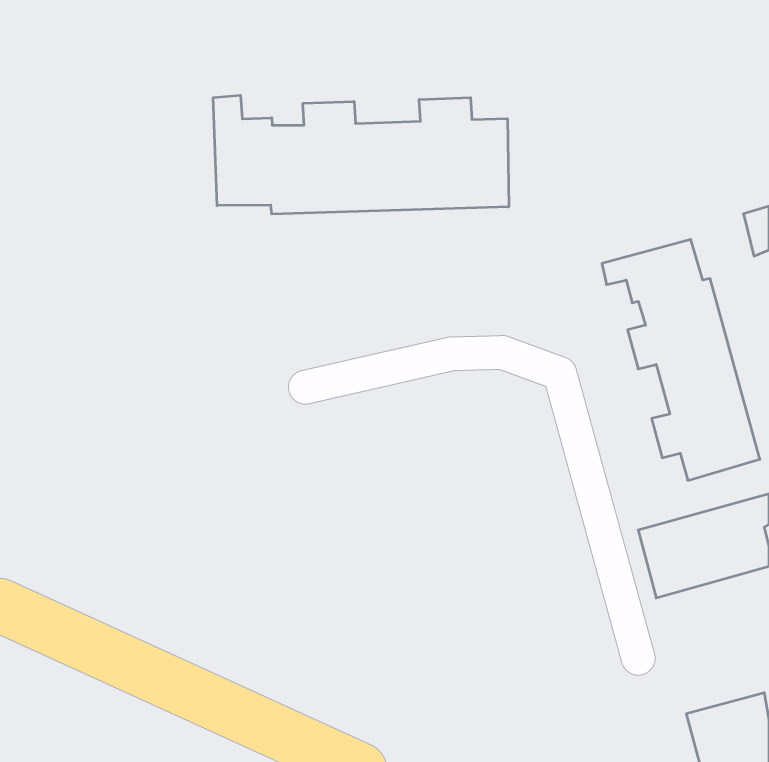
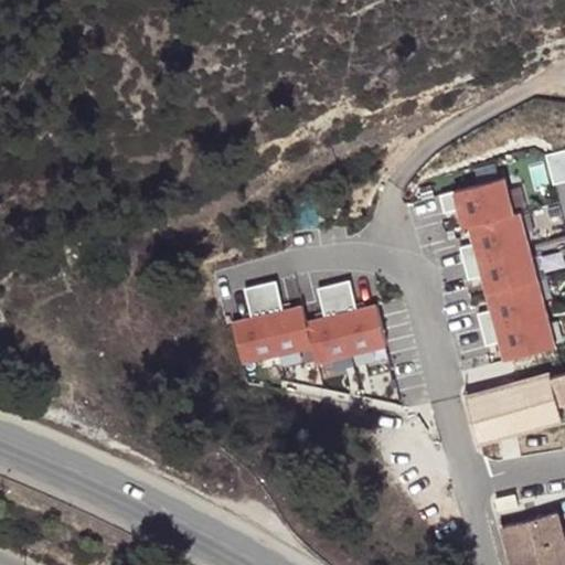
building: [213,95,509,214] -> none
building: none -> [234,282,386,365]

